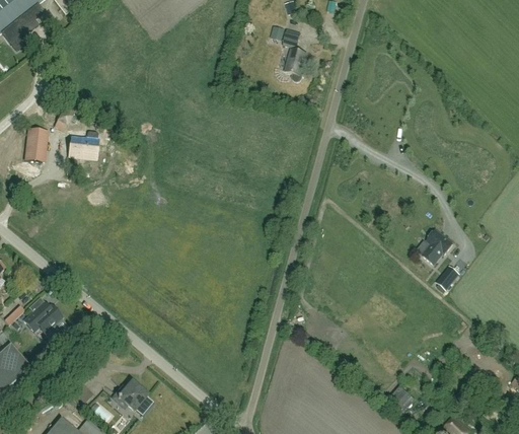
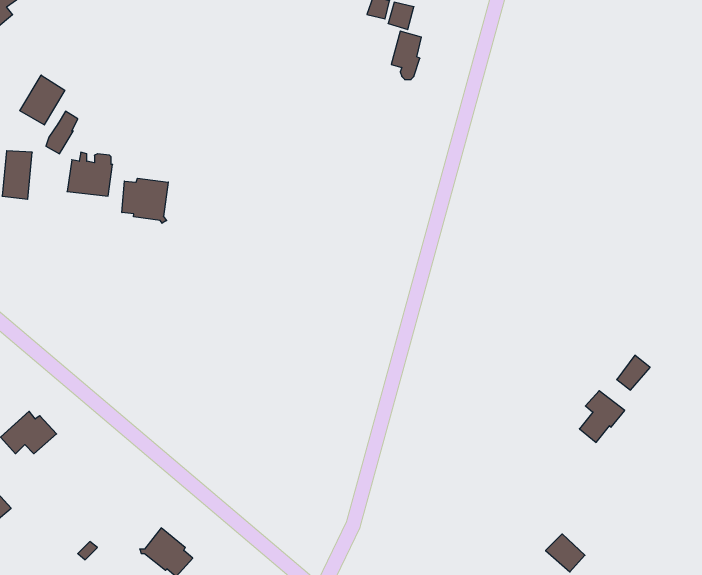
building: none -> [20,75,65,125]
building: none -> [122,178,168,223]
building: [423,230,453,265] -> [579,391,625,442]

